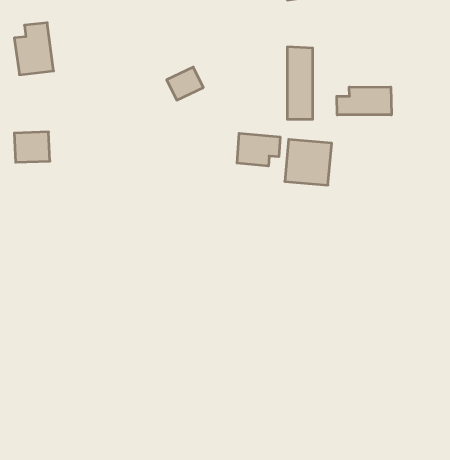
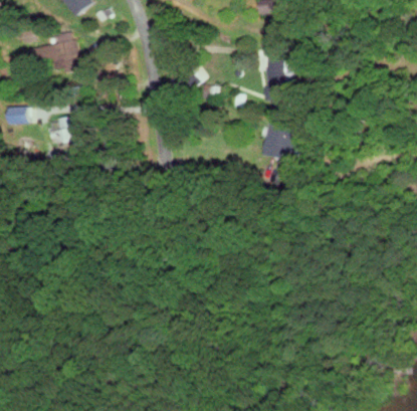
building: [337,87,391,115] -> none
building: [237,133,280,166] -> none

